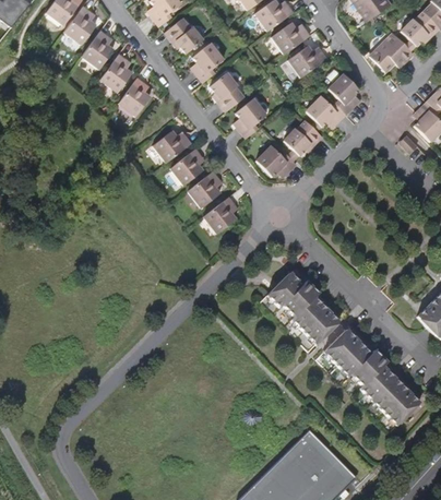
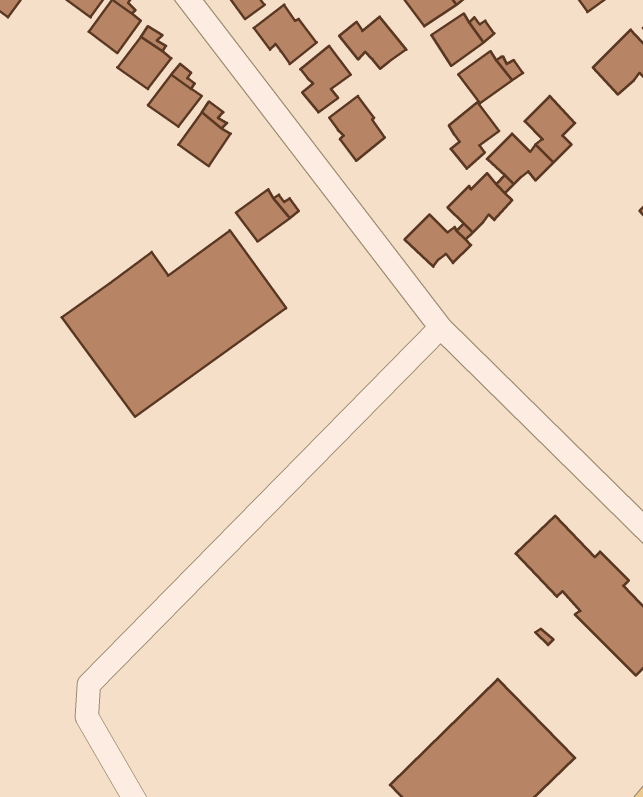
building: none -> [339,17,406,69]
building: [235,97,265,138] -> [449,102,499,169]
building: [170,147,203,183] -> none
building: none -> [62,230,286,417]
building: [188,169,221,206] -> none
building: [204,195,236,233] -> none
building: [267,271,338,343] -> none

